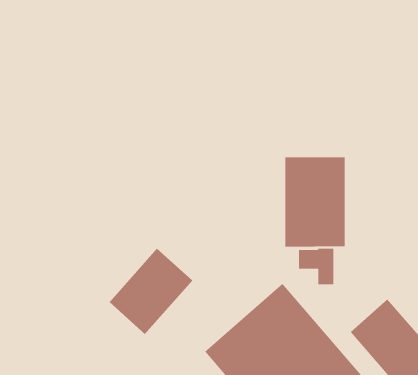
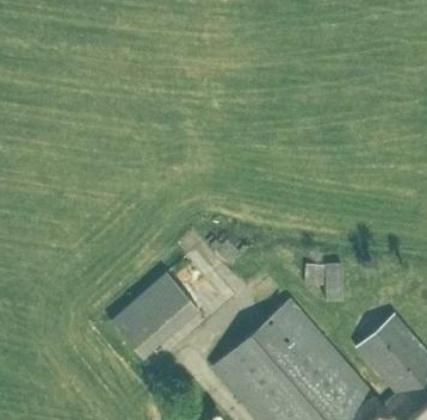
building: [284,157,346,247] -> none

